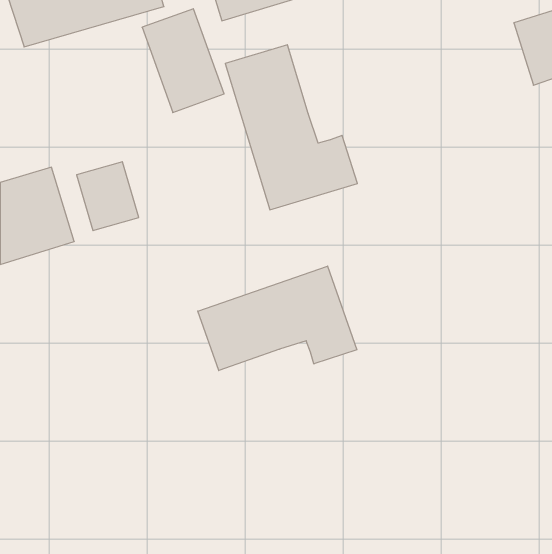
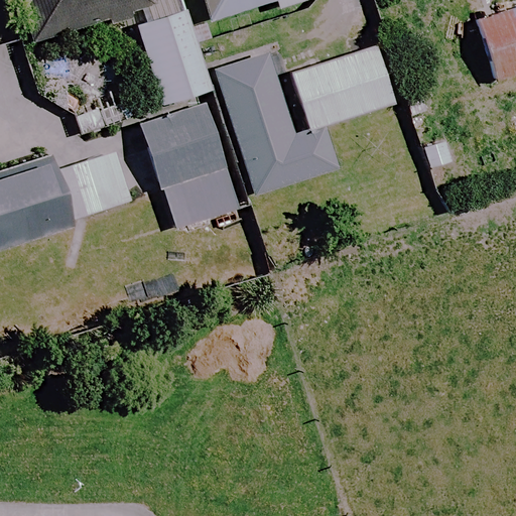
building: none -> [293,49,392,129]
building: none -> [140,102,241,229]
building: [198,266,357,371] -> none

